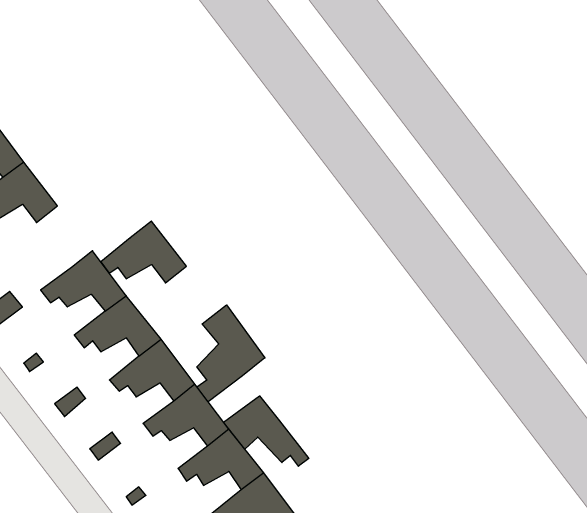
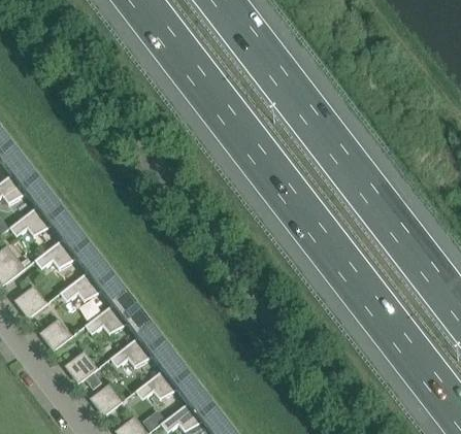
building: [101,221,186,283] -> [15,193,78,238]
building: [197,305,265,402] -> none
building: [223,396,309,466] -> none

